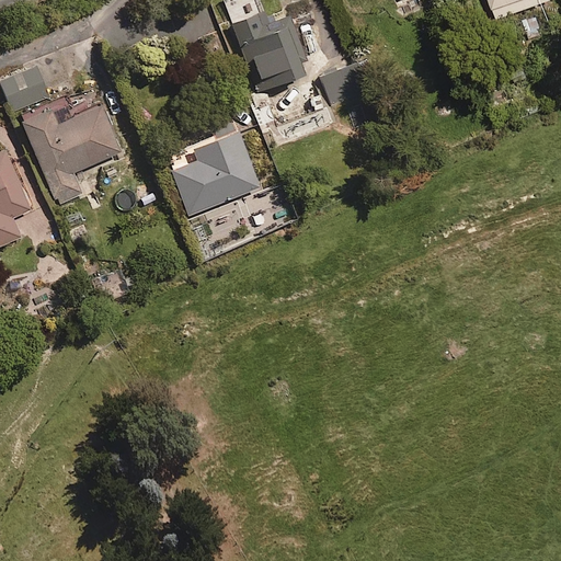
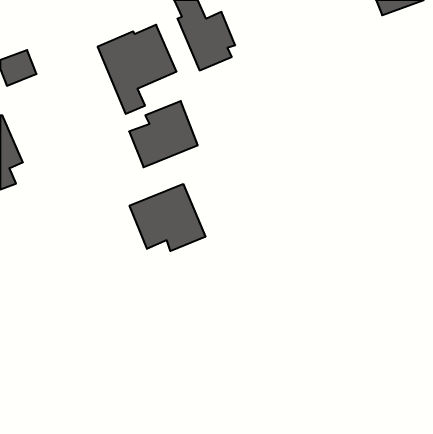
building: [22,89,124,204] -> [98,25,177,114]
building: none -> [130,184,205,251]

